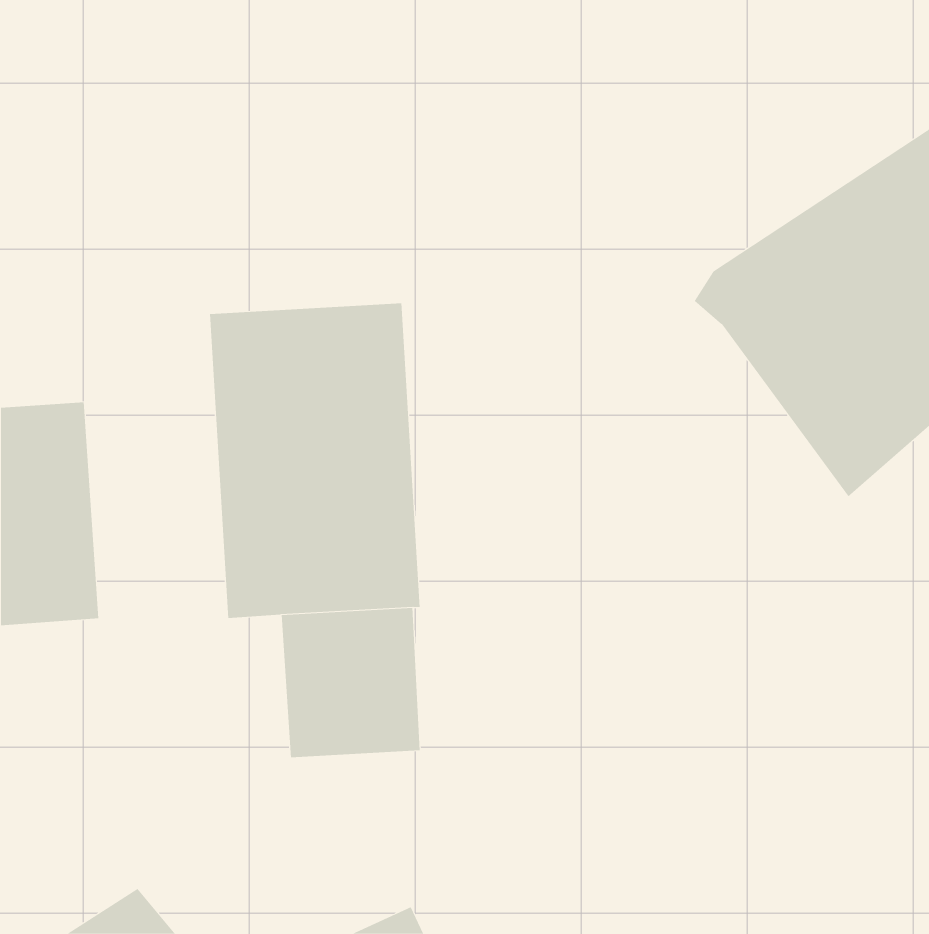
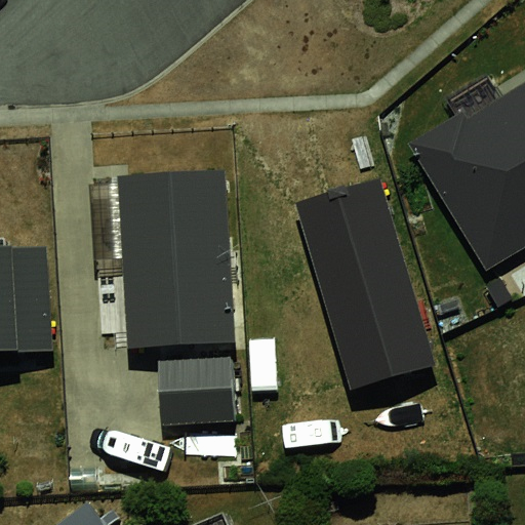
building: none -> [288,176,426,394]

